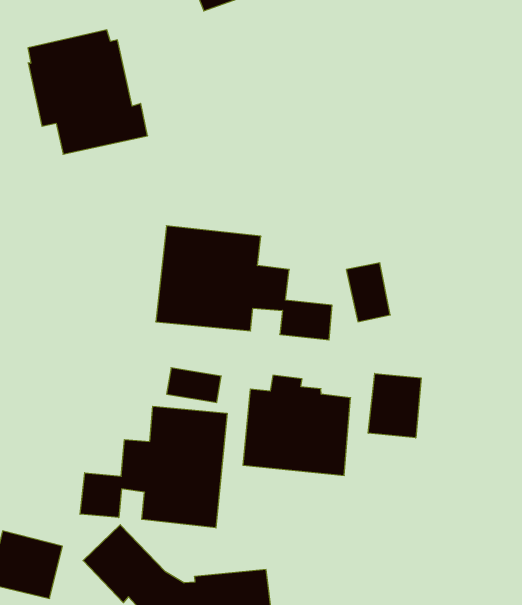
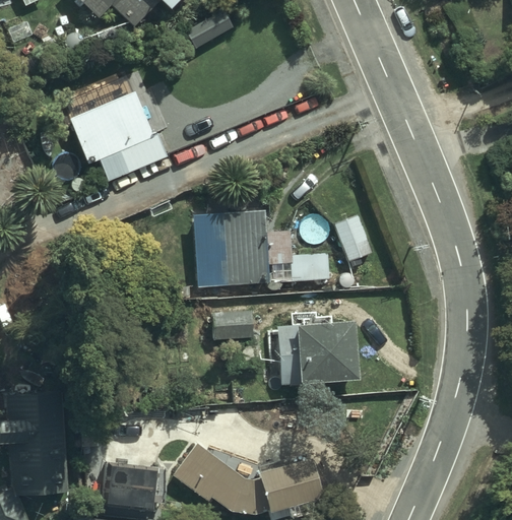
building: [368,373,421,438] -> none
building: [80,406,227,528] -> none

